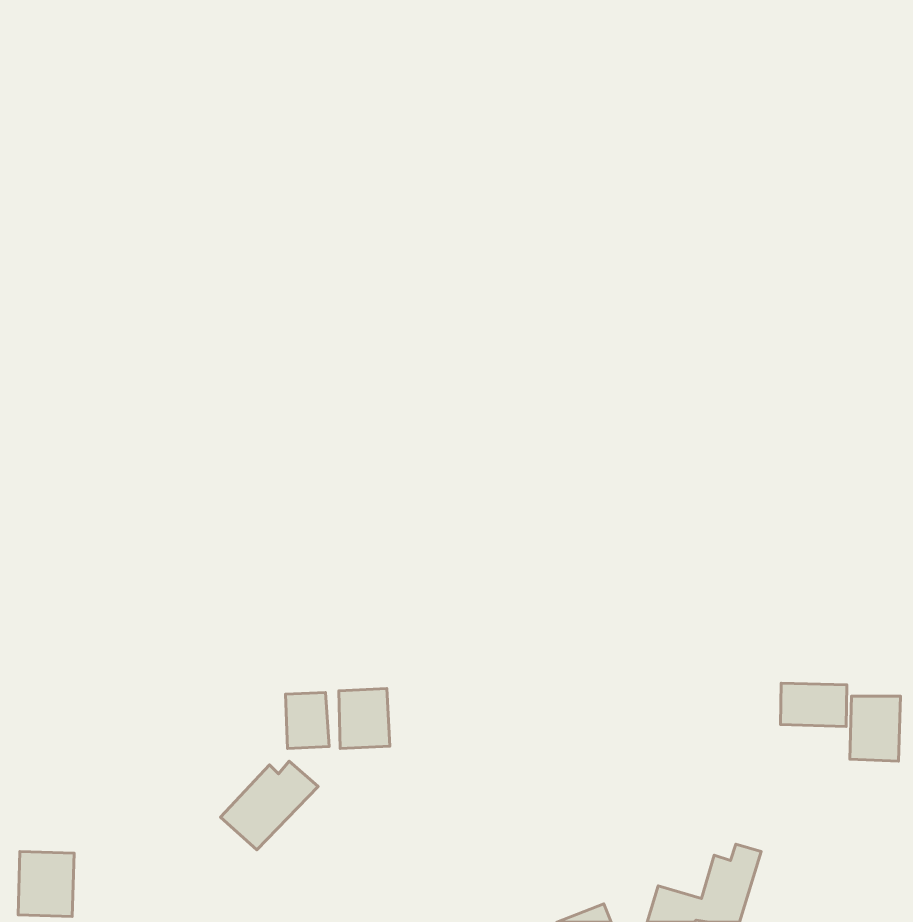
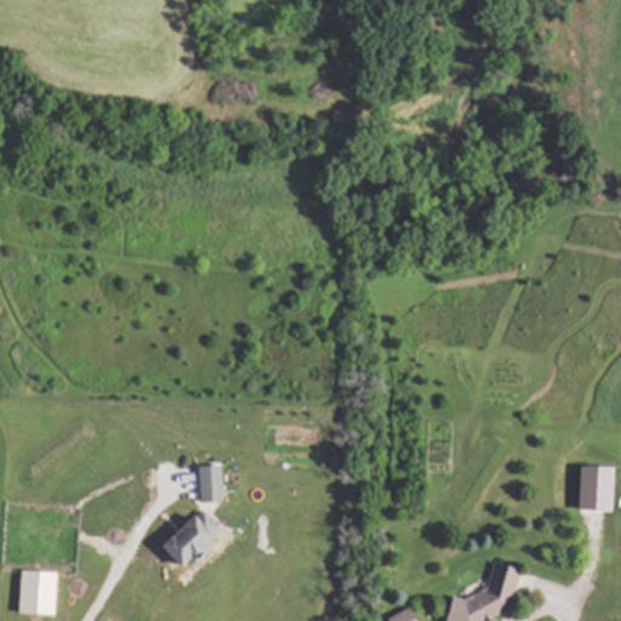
building: [780,683,847,726] -> none
building: [339,689,390,748] -> none

